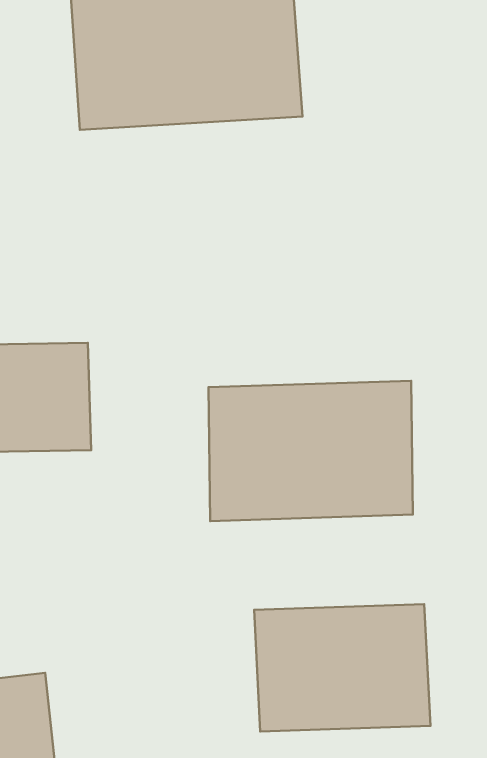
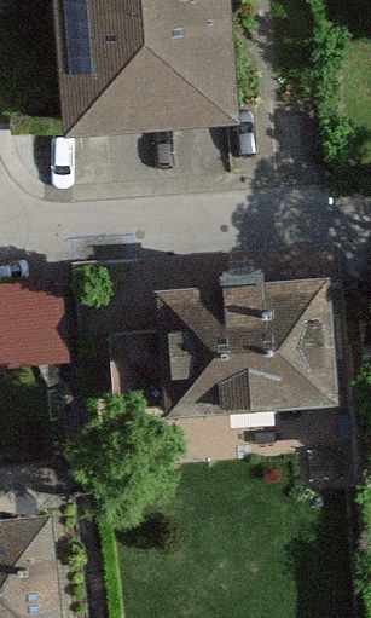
building: [254,604,430,732] -> none

